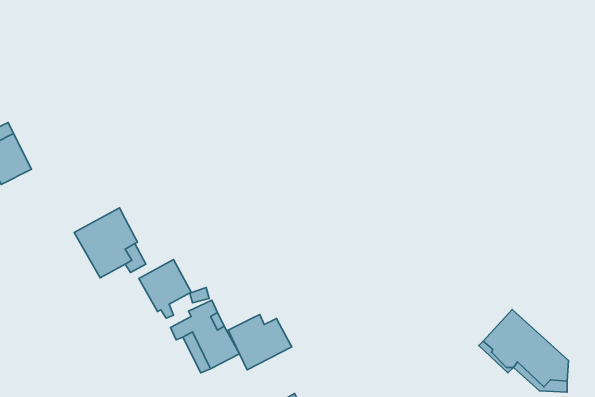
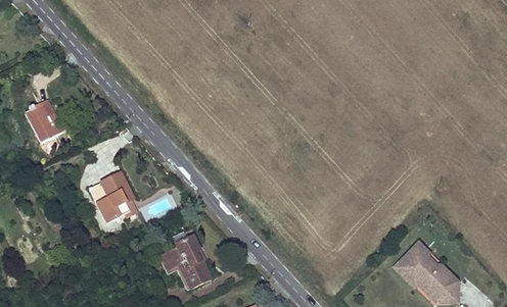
building: [139,260,191,318] -> none
building: [228,315,292,370] -> none

